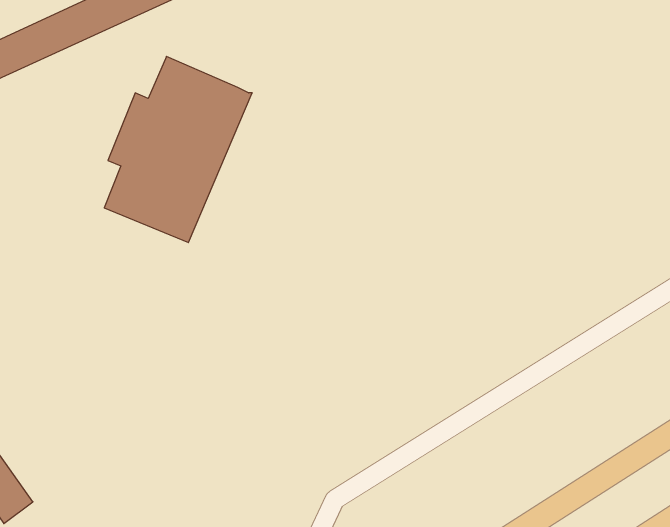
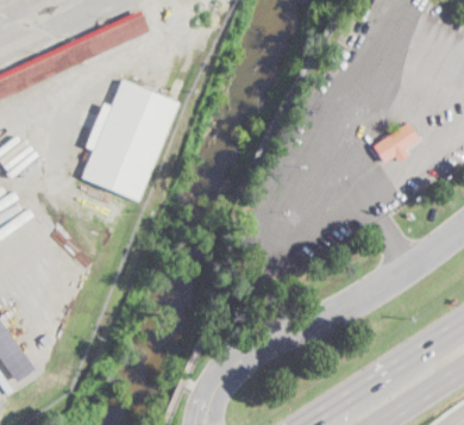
building: none -> [374,124,419,162]

